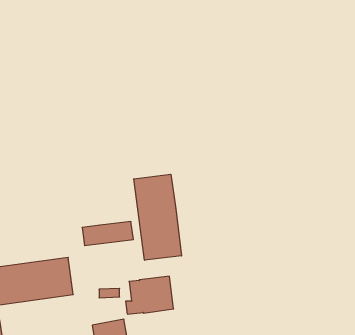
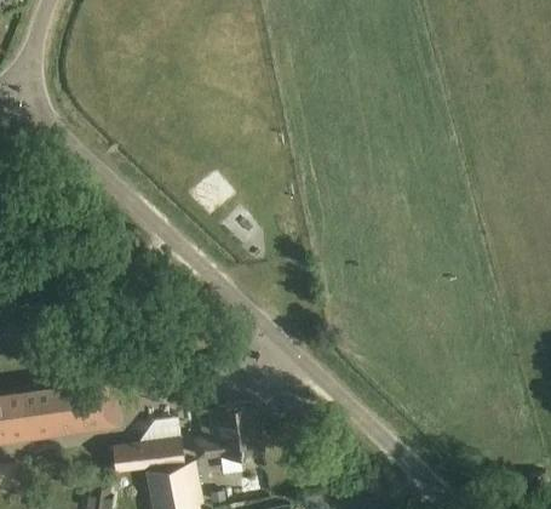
building: [134,174,181,260] -> none
building: [82,222,133,246] -> [113,437,185,471]

